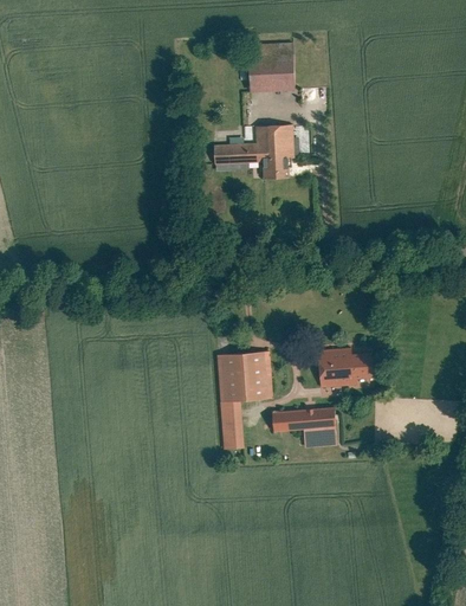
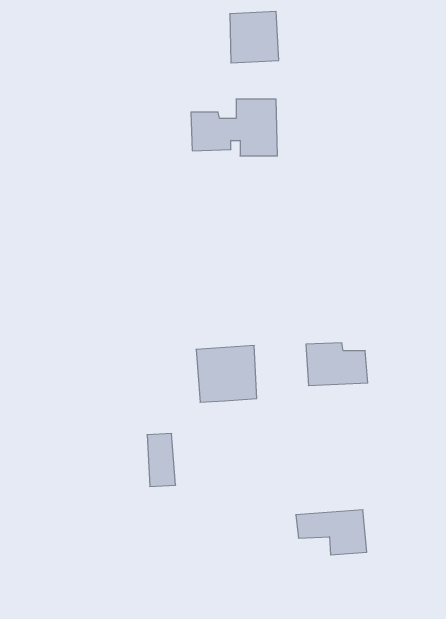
building: [221,402,247,451] -> [147,434,176,486]
building: [273,407,338,449] -> [296,510,367,555]

